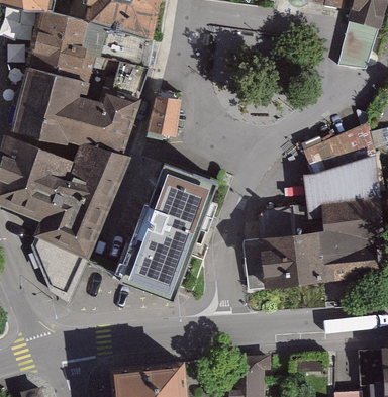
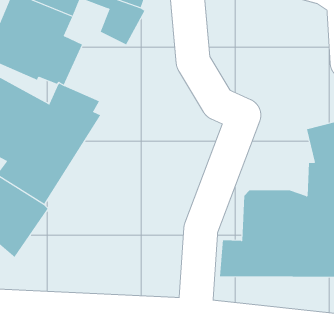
building: [87,89,136,153] -> none
building: [146,90,180,138] -> none
building: [123,165,216,294] -> none

